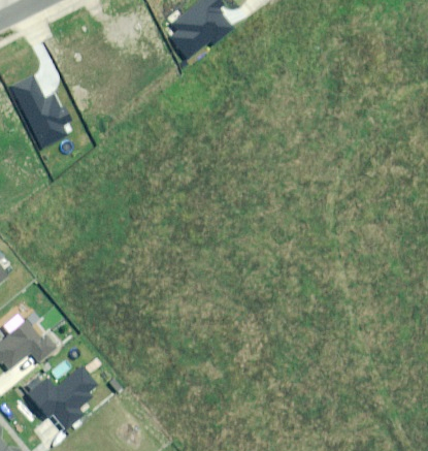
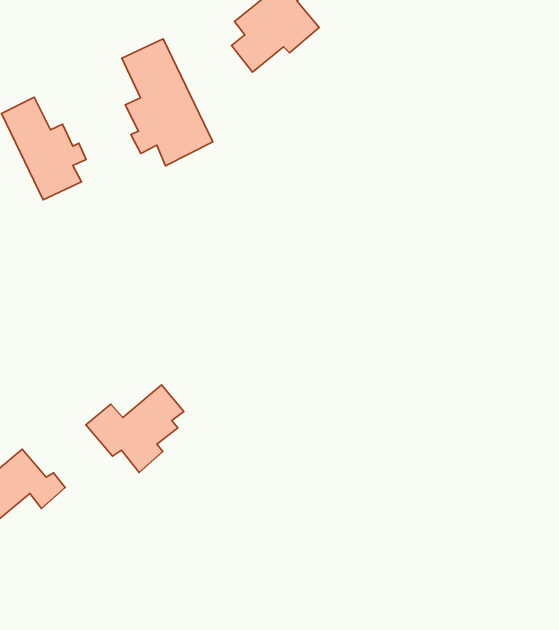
building: none -> [122,39,213,166]
building: [28,363,96,424] -> [86,385,184,472]

